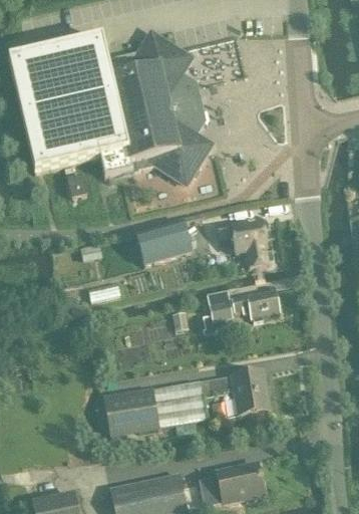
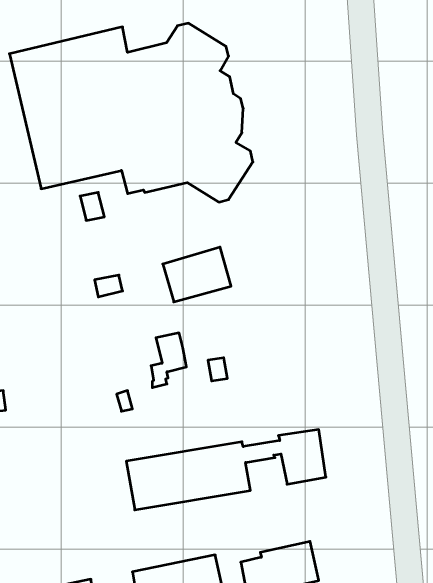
building: [217,221,268,268] -> none
building: [203,289,232,334] -> [151,333,186,388]
building: [233,290,279,321] -> none

